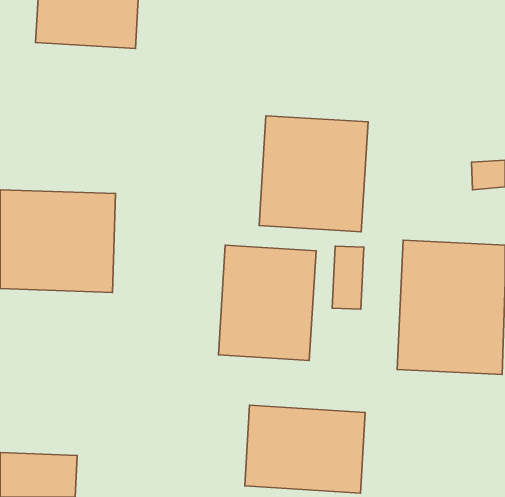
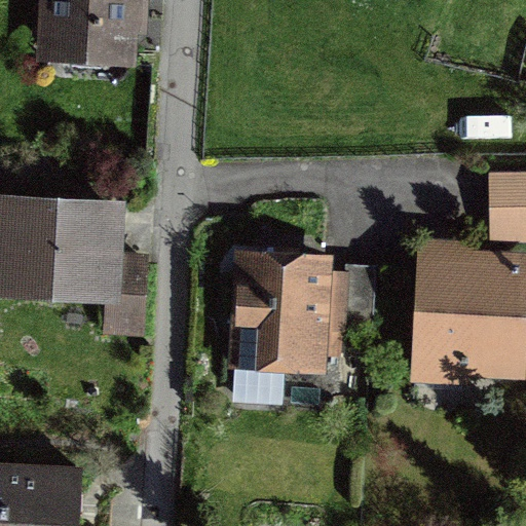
building: [259,116,368,232] -> none
building: [245,405,365,493] -> none

